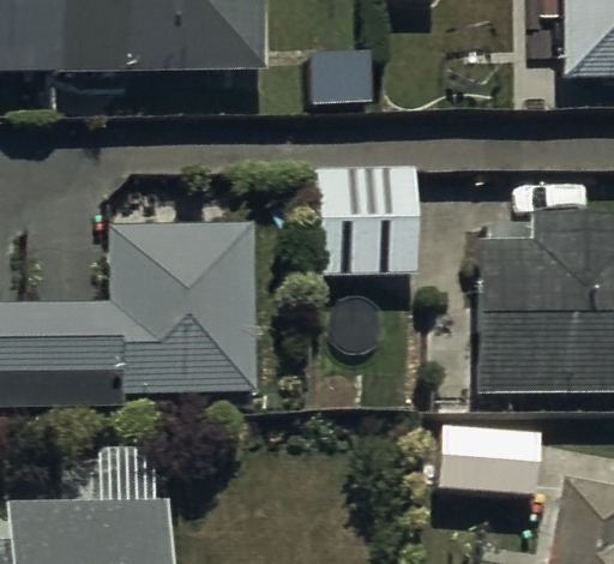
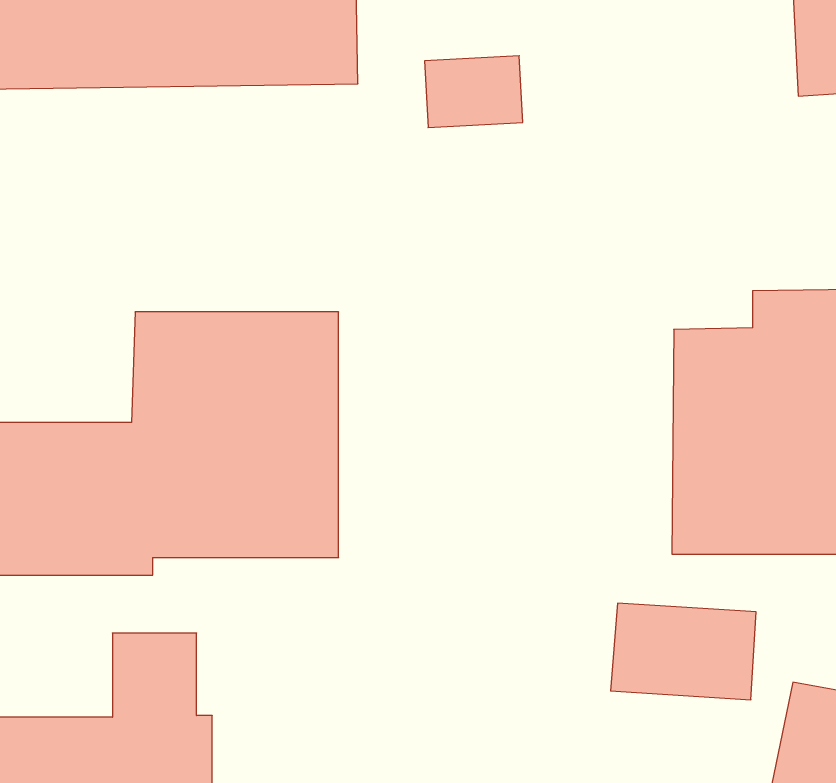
building: [317,166,420,274] -> none

